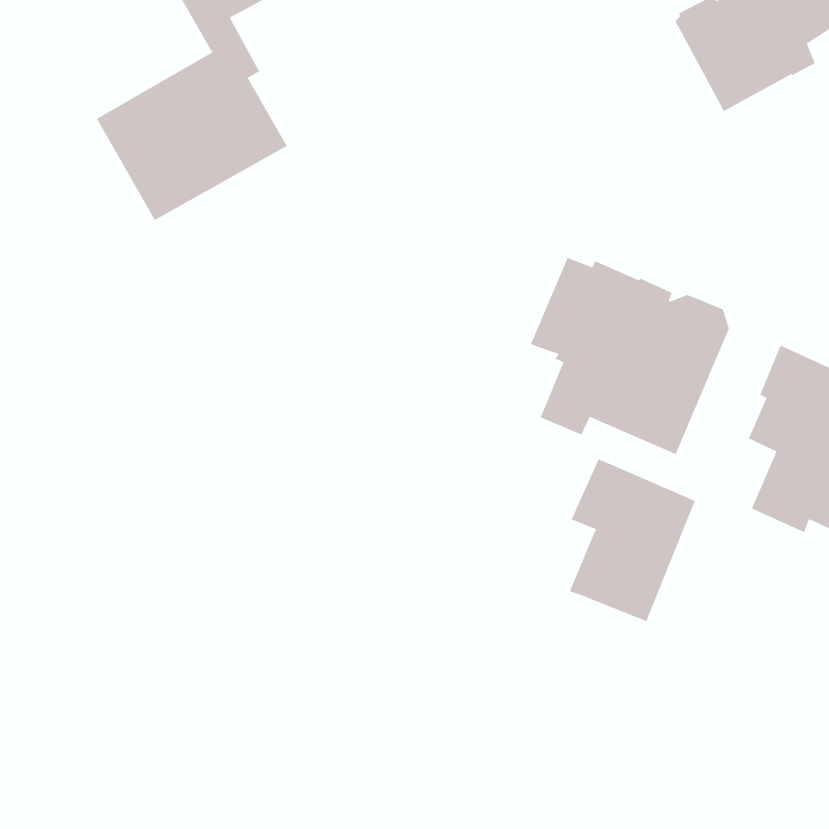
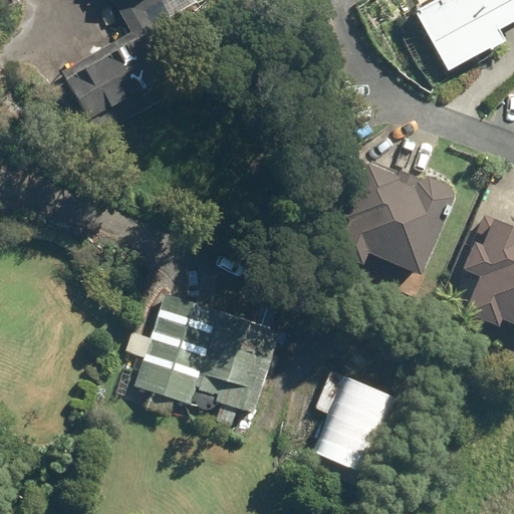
building: [569,458,696,622] -> [311,369,390,471]
building: none -> [136,292,281,423]

